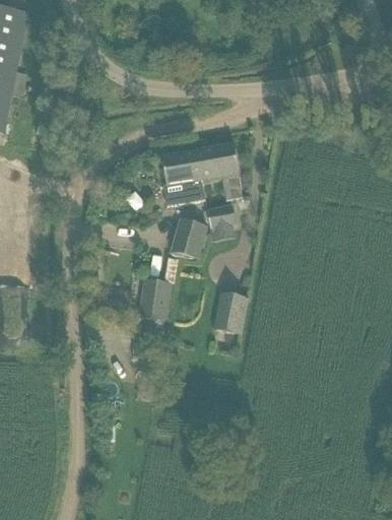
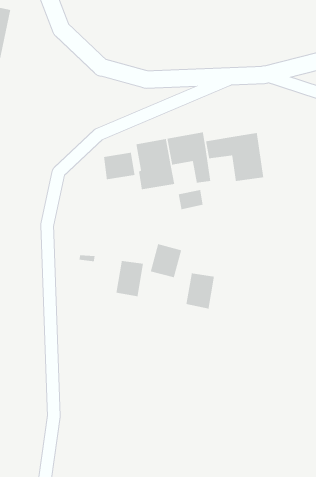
building: none -> [205,132,264,182]
building: none -> [103,152,135,180]
building: [173,219,207,257] -> [150,243,182,278]

